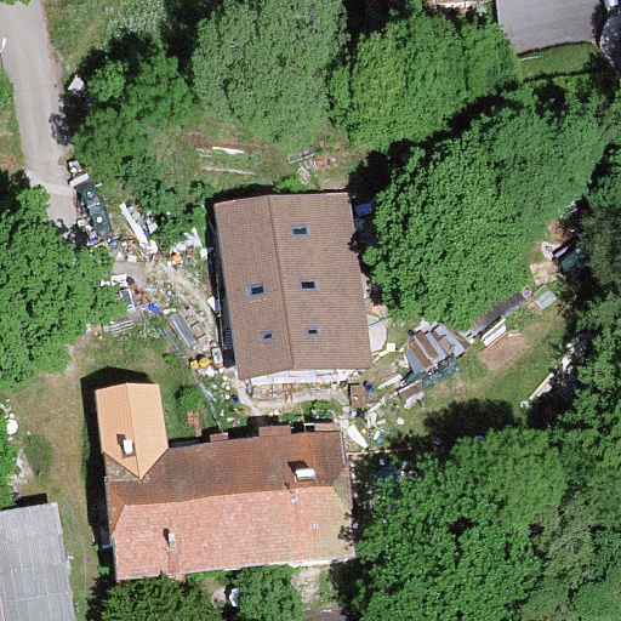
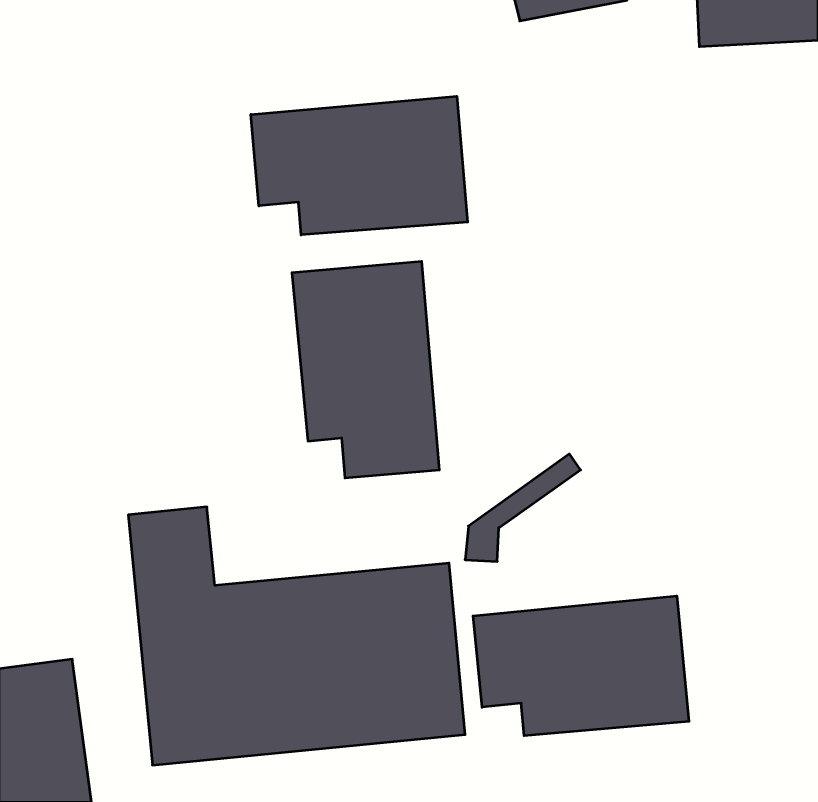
building: none -> [251,96,468,235]
building: none -> [473,596,689,736]

